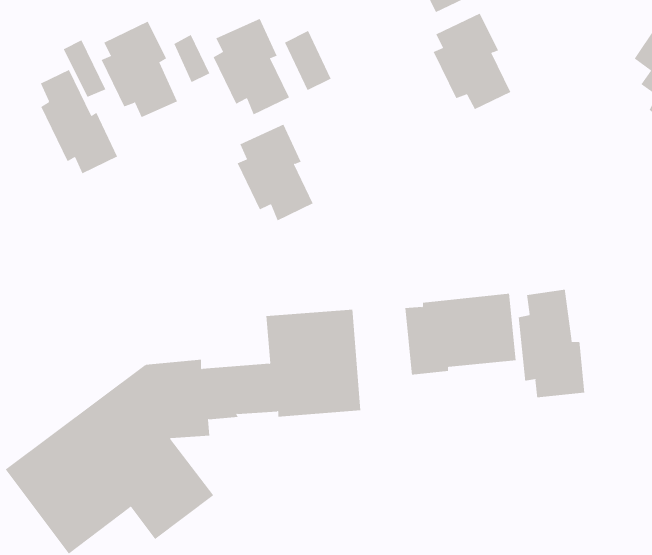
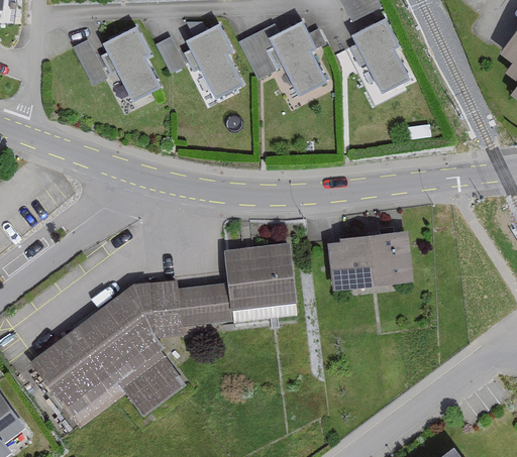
building: [40,69,118,174] -> none
building: [237,124,314,221] -> [269,22,326,95]
building: [518,289,585,398] -> none

